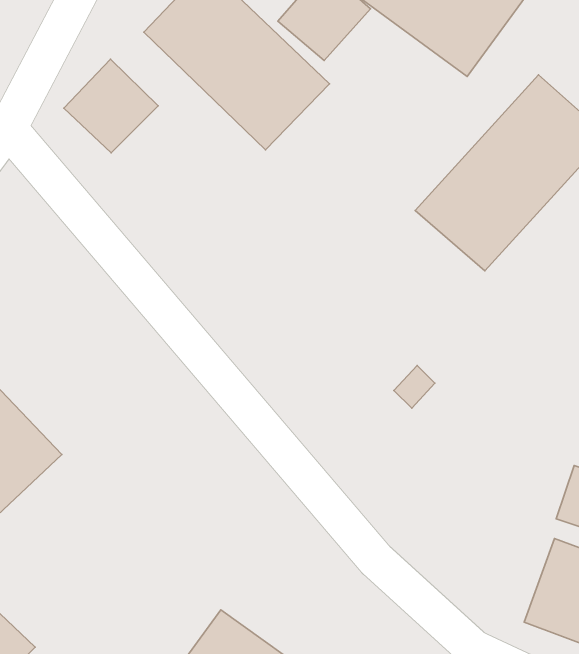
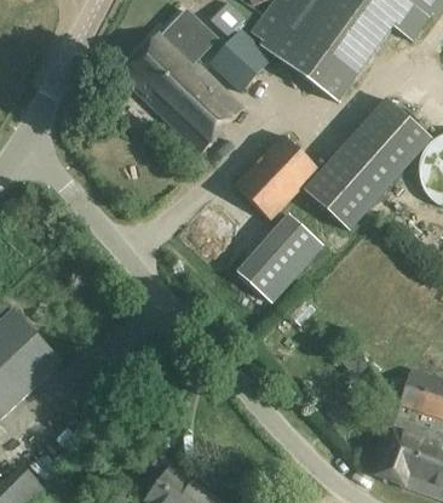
building: [64,59,158,153] -> none
building: none -> [236,133,318,221]
building: none -> [236,212,323,303]

